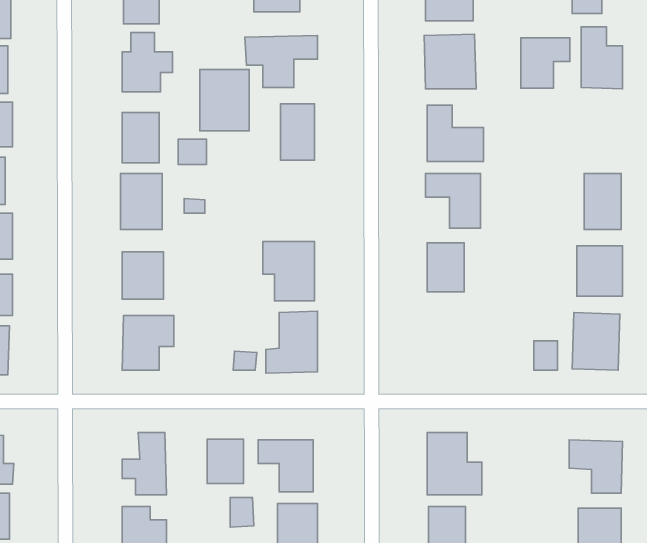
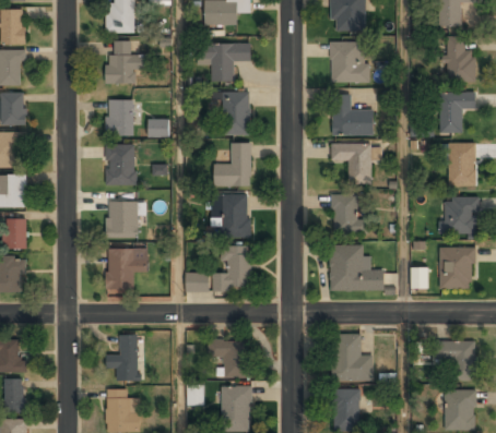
building: [521,38,570,88] -> [439,91,475,128]
building: [200,69,249,131] -> none
building: none -> [214,143,251,185]
building: none -> [329,245,385,291]
building: [207,439,244,483] -> none

